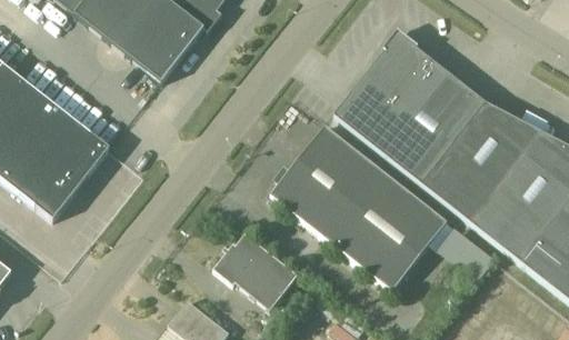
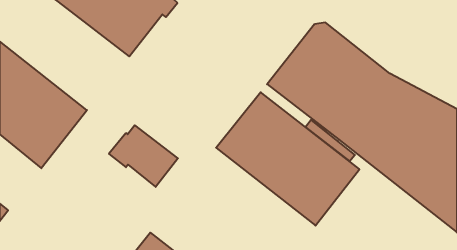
building: [212,231,298,308] -> [109,125,178,187]

